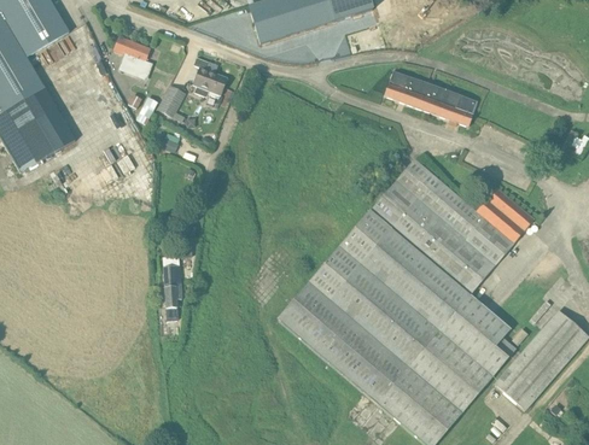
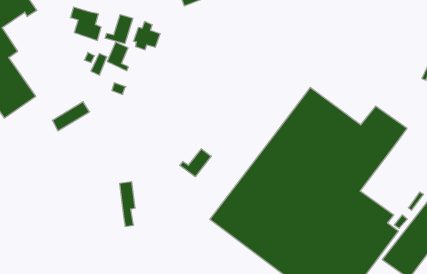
building: none -> [105,15,133,44]
building: [385,70,478,124] -> none
building: none -> [180,149,211,177]

